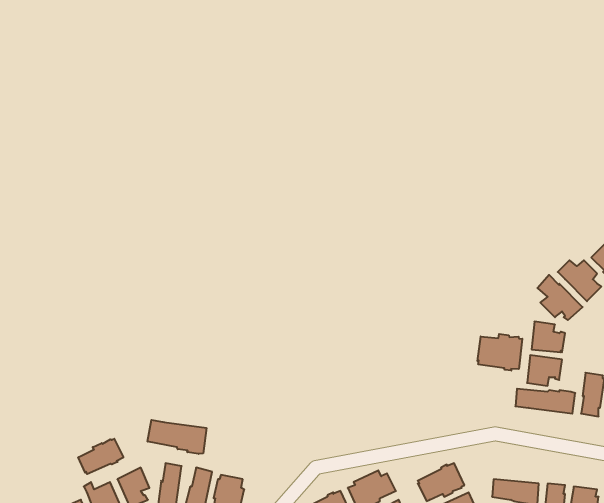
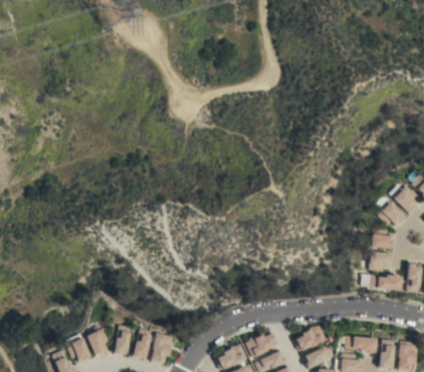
building: [477,334,522,371] -> none
building: [148,420,206,454] -> none
building: [78,439,123,474] -> none

